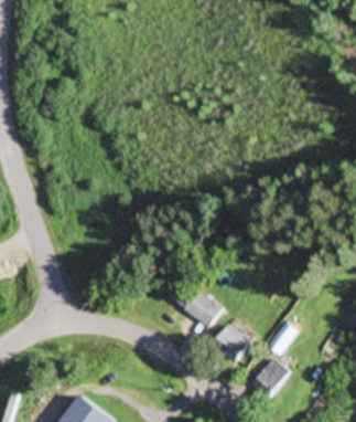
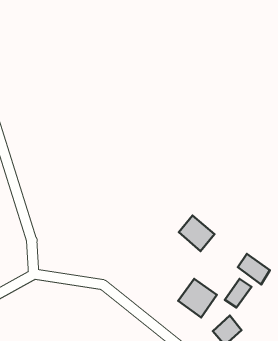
building: [181,288,220,328] -> [179,216,214,251]
building: none -> [238,254,270,285]

